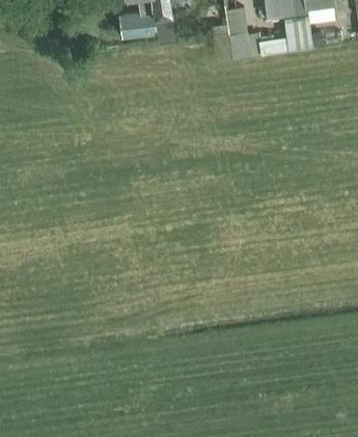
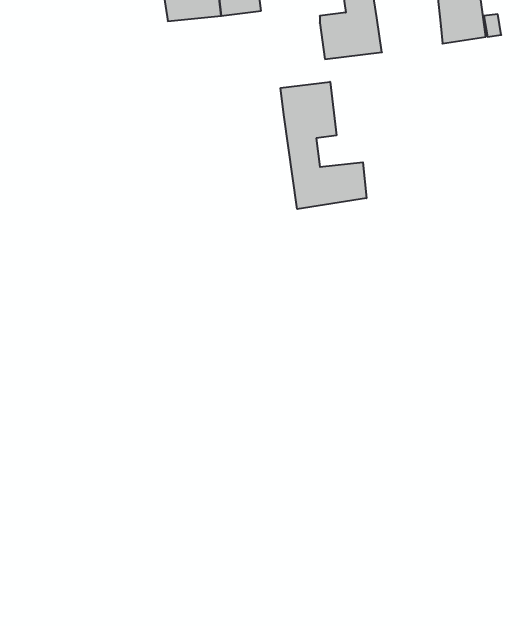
building: none -> [281,82,366,209]

